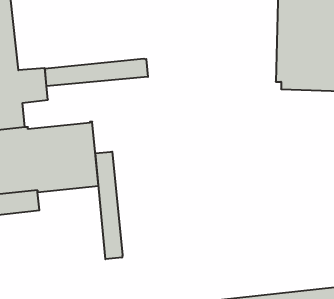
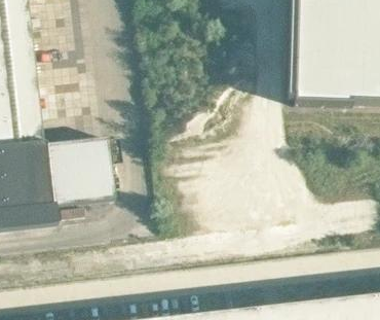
building: [45,59,148,86] -> none
building: [96,152,122,259] -> none

